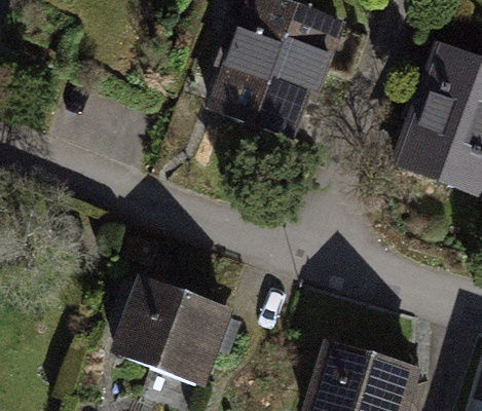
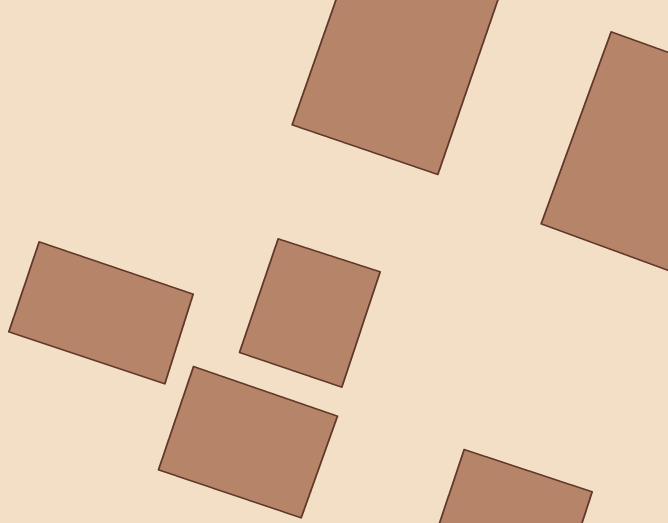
building: none -> [240,239,380,387]
building: none -> [9,242,193,384]

